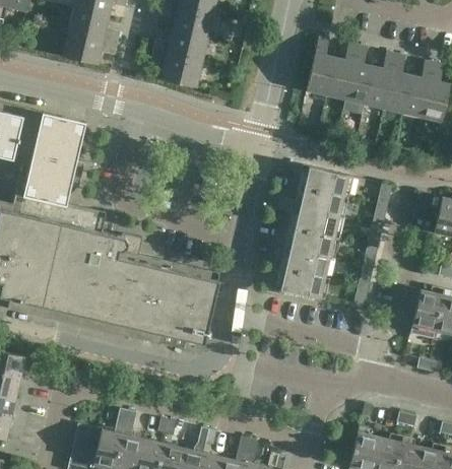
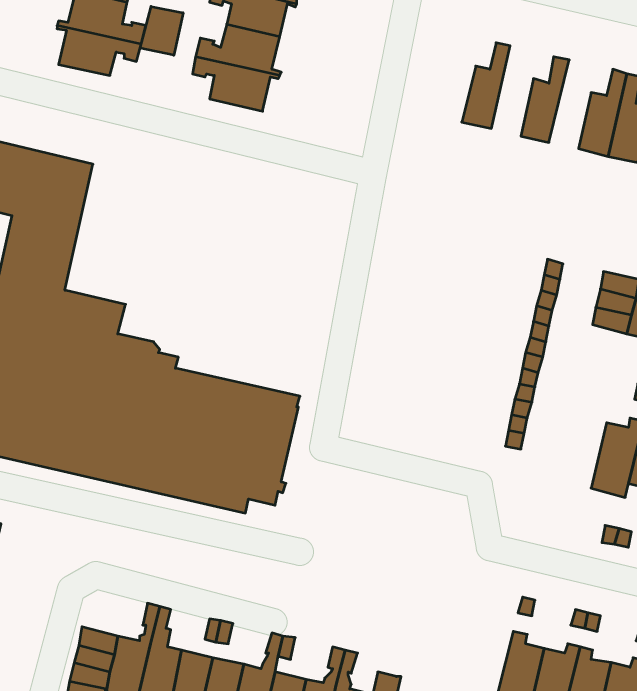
building: none -> [140,6,183,55]
building: [306,36,335,94] -> none
building: [345,45,373,104] -> none
building: [383,54,410,112] -> none
building: [274,164,353,299] -> none

